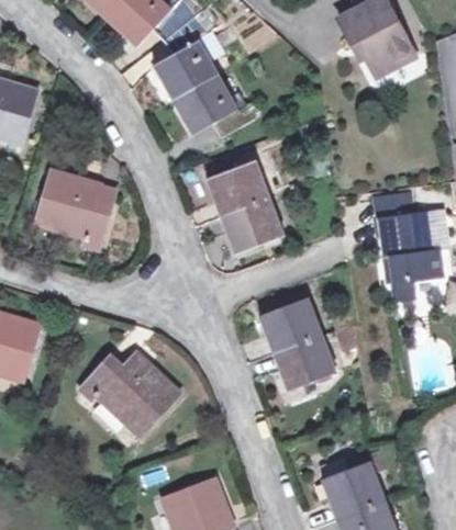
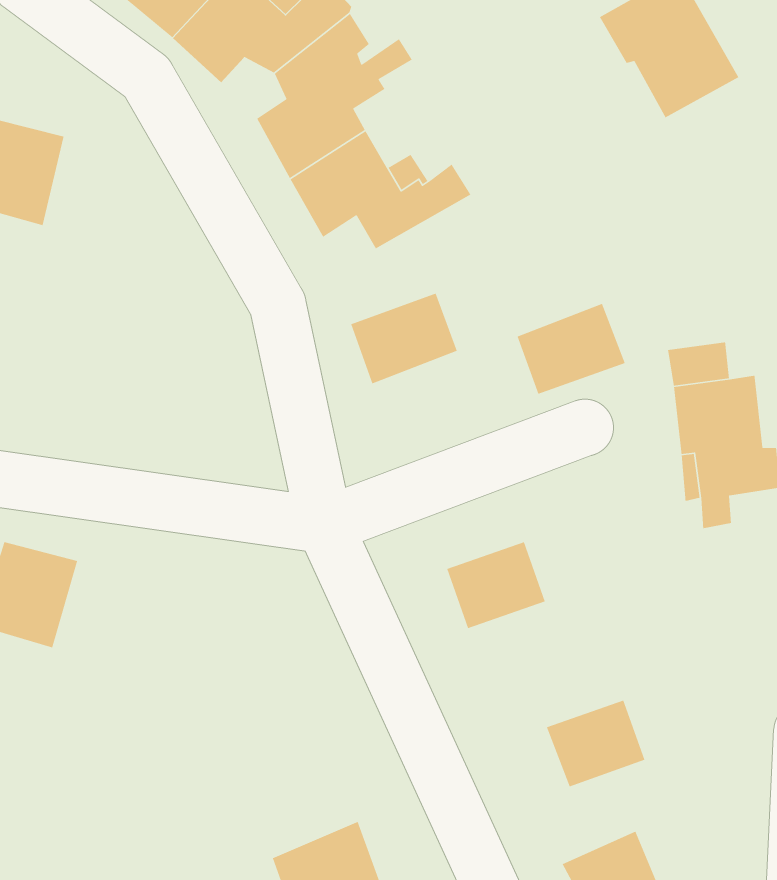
building: [27,166,110,253] -> none
building: [216,200,278,251] -> [516,303,626,395]
building: [270,340,326,390] -> [546,700,646,788]
building: [86,347,176,419] -> none

